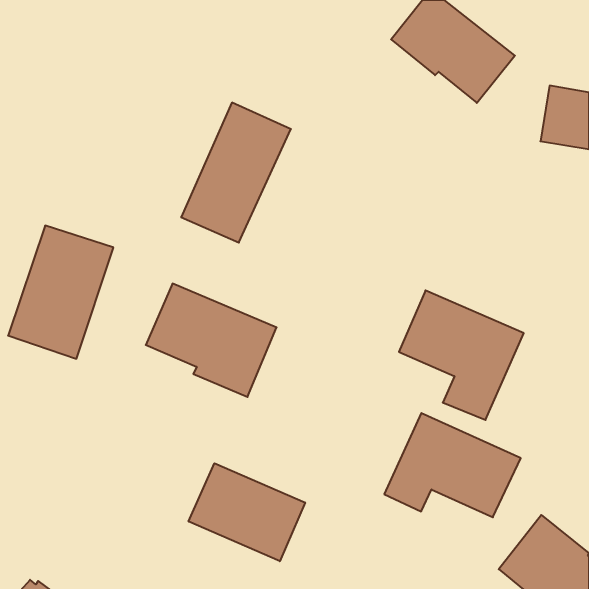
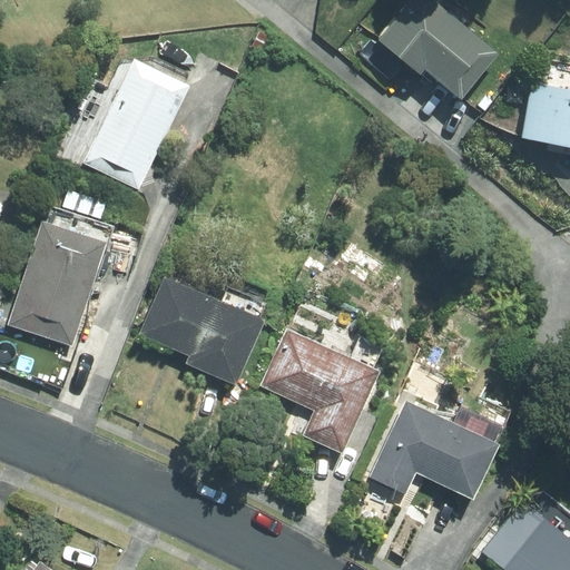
building: [181,103,291,243] -> [83,55,189,189]
building: [399,290,524,420] -> [261,328,381,453]
building: [189,463,305,561] -> none

